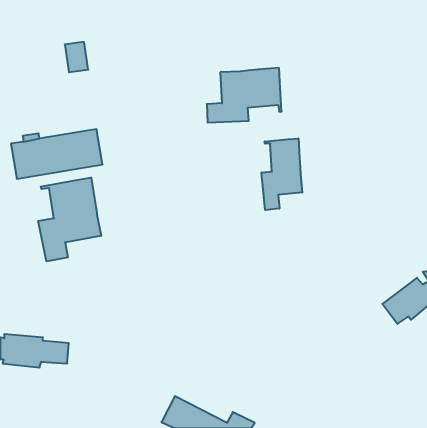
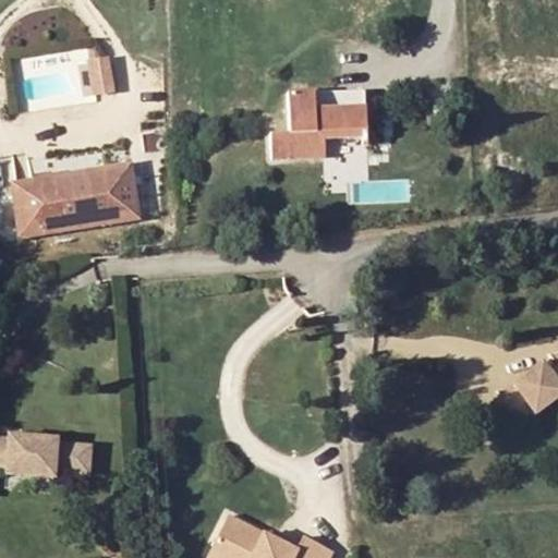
building: [262,138,302,210] -> none
building: [38,178,101,261] -> none

